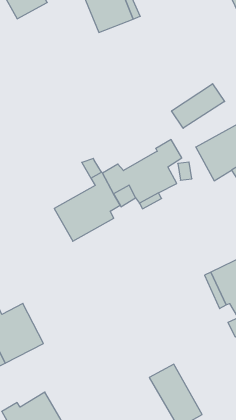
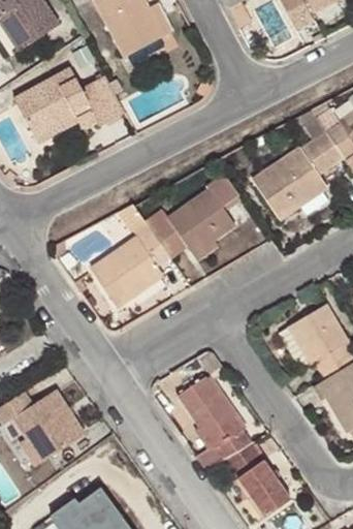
building: none -> [15,67,126,136]
building: [172,84,225,128] -> none
building: none -> [176,377,251,470]

